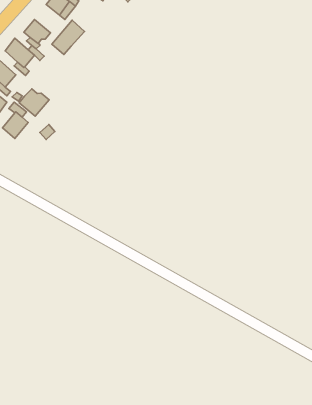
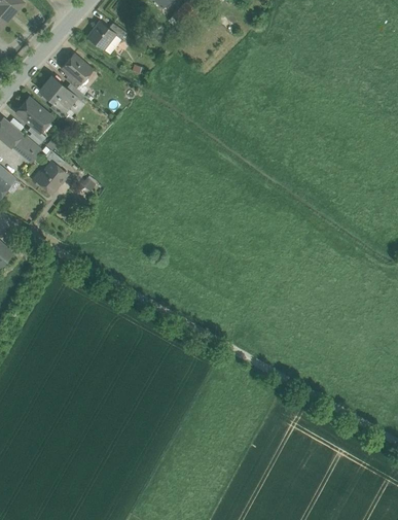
building: [52,20,84,54] -> none
building: [19,89,49,116] -> none

